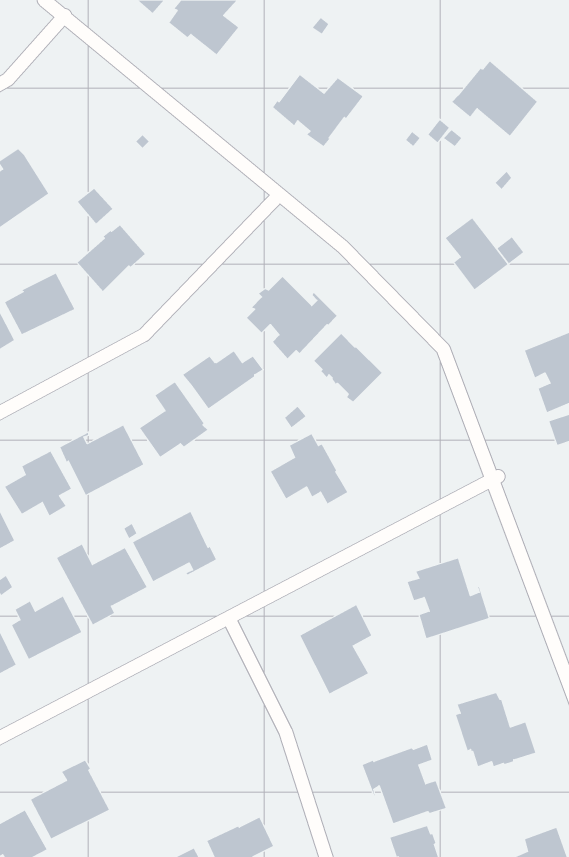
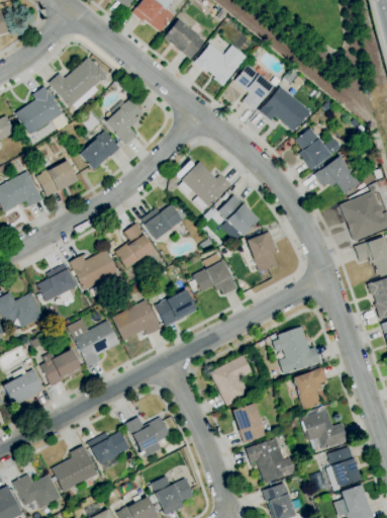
building: none -> [163,18,205,60]
building: [451,60,538,136] -> [260,87,310,132]
building: none -> [50,59,106,109]
building: none -> [234,65,273,111]
building: none -> [105,98,142,146]
building: none -> [313,156,361,194]
building: none -> [247,232,277,273]
building: none -> [155,289,197,327]
building: none -> [293,367,327,409]
building: none -> [232,403,265,442]
building: none -> [125,417,170,457]
building: none -> [88,432,129,471]
building: none -> [325,446,361,491]

